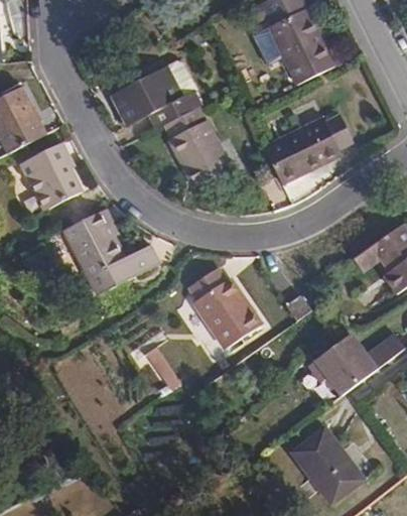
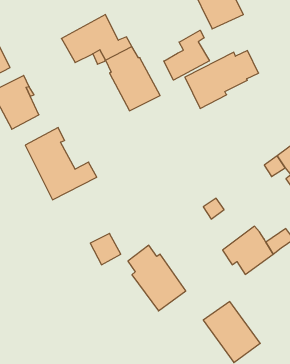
building: none -> [164,30,209,80]
building: [190,268,263,351] -> [128,245,186,311]

